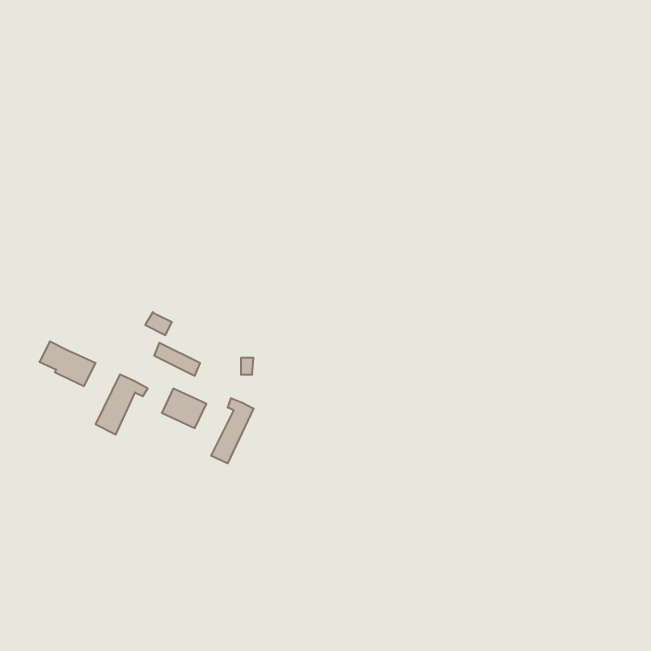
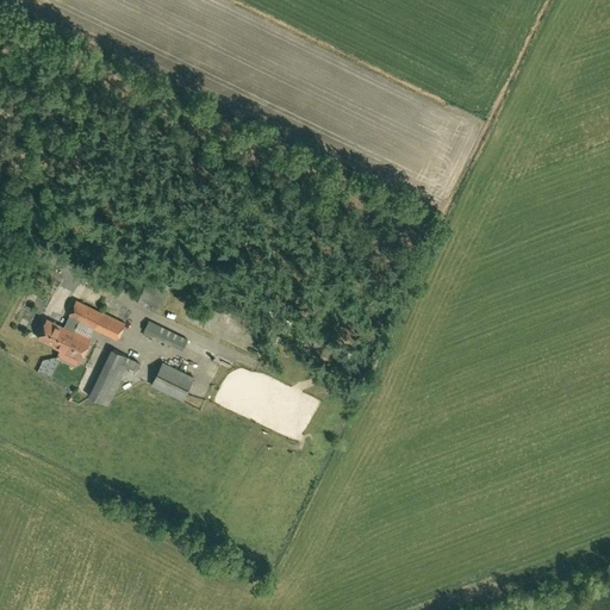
building: none -> [63,300,125,341]
building: [211,398,254,463] -> none

